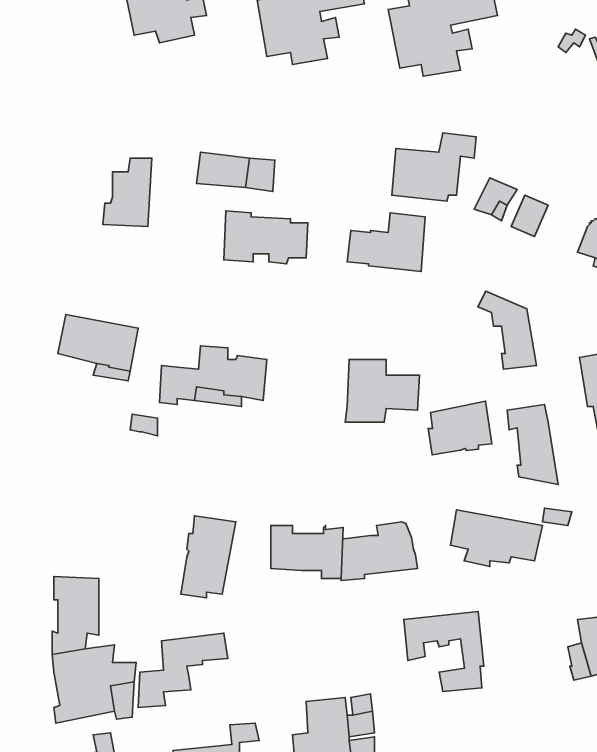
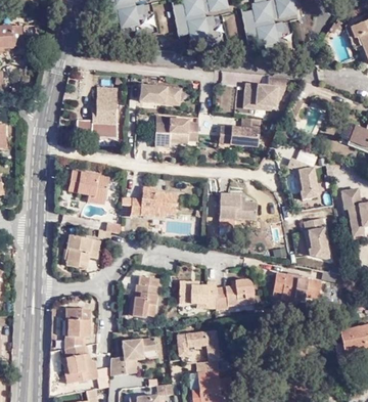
building: [428,401,492,455] -> none
building: none -> [65,234,100,267]
building: [404,612,484,692] -> [177,330,219,372]

